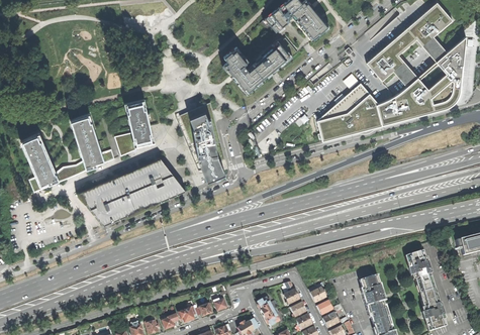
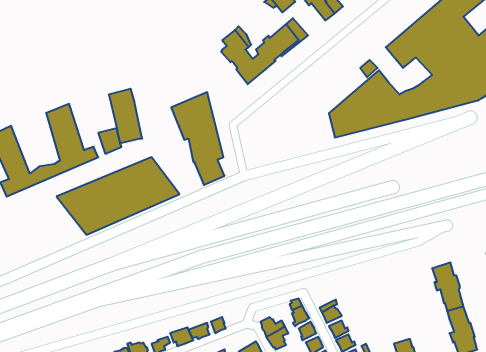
building: [361,276,386,321] -> none

